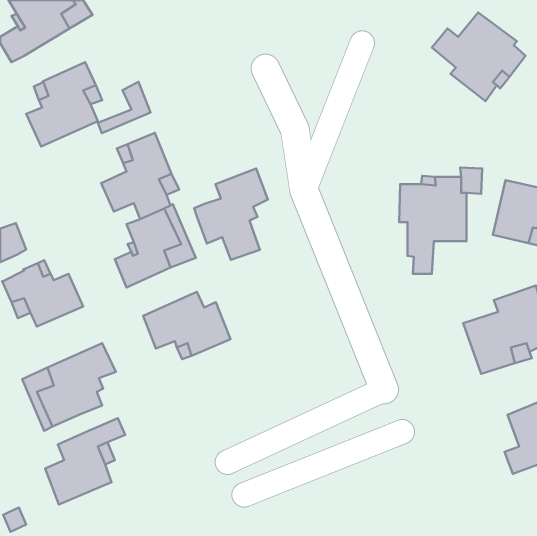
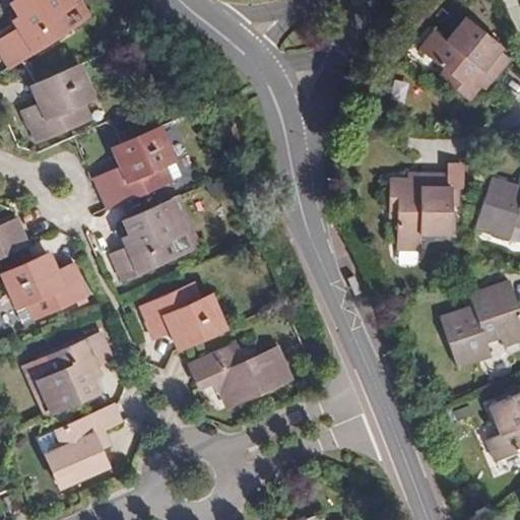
building: [98,82,151,133] -> none
building: [194,168,268,260] -> none
building: none -> [183,348,283,407]

